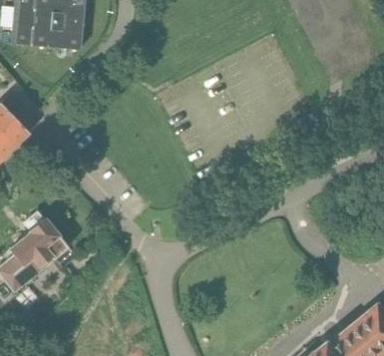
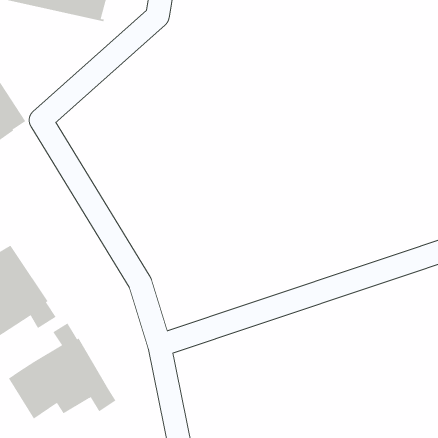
building: none -> [8,322,116,420]

